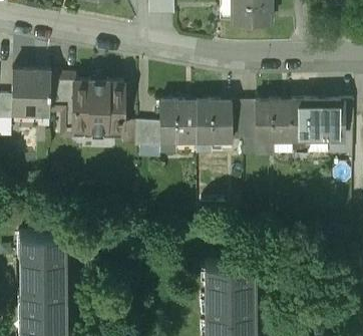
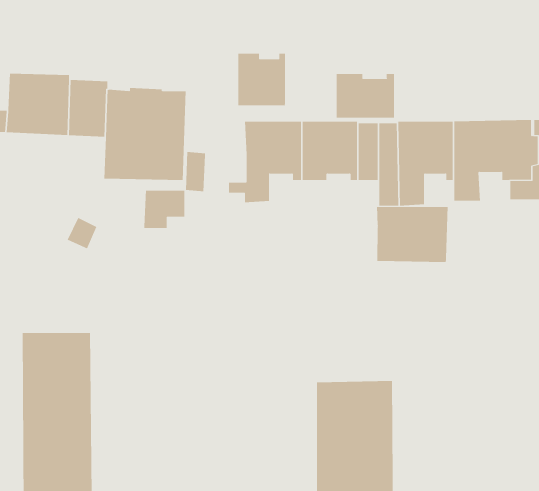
building: none -> [238,53,285,106]
building: none -> [336,73,395,119]
building: [135,121,161,145] -> [143,190,185,229]
building: none -> [377,206,448,263]

